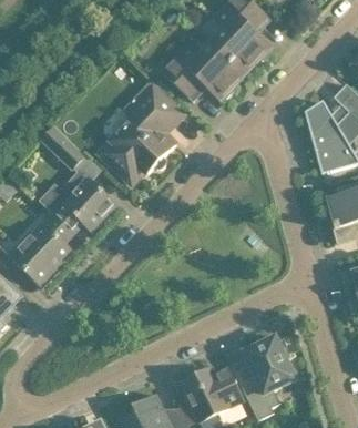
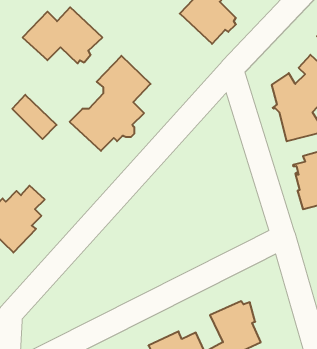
building: [163,41,245,99] -> [23,7,102,63]
building: [38,177,117,233] -> none

